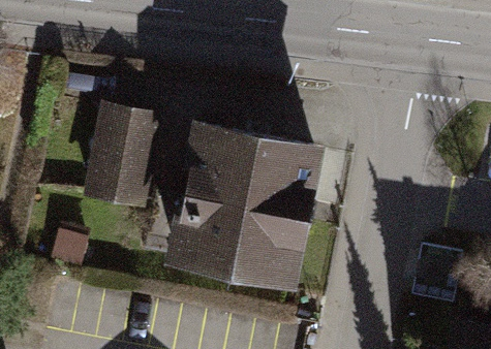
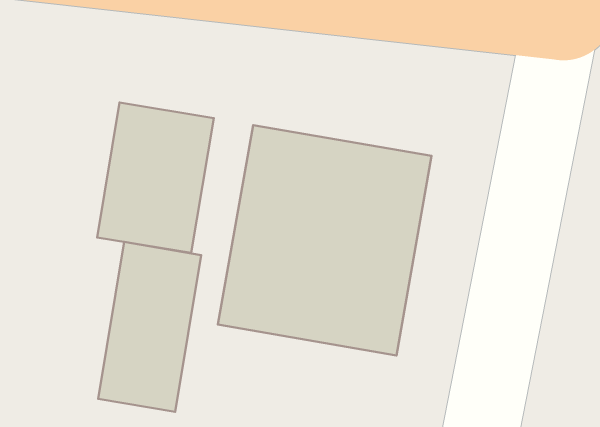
building: none -> [98,242,201,412]

